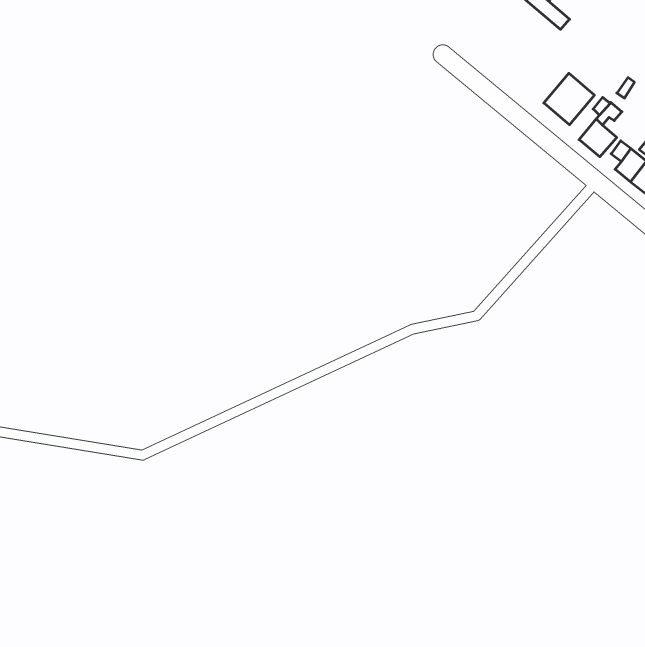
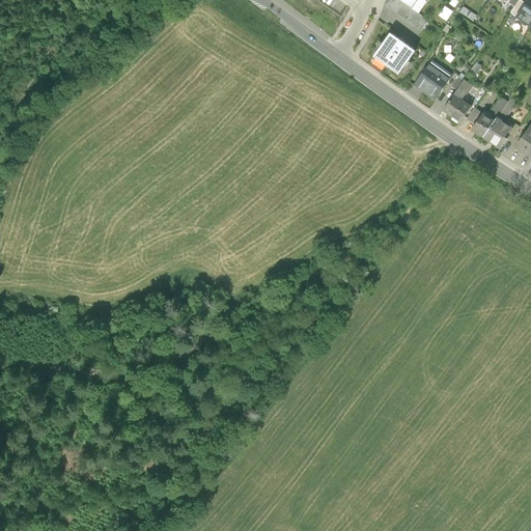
building: none -> [373,31,415,73]

